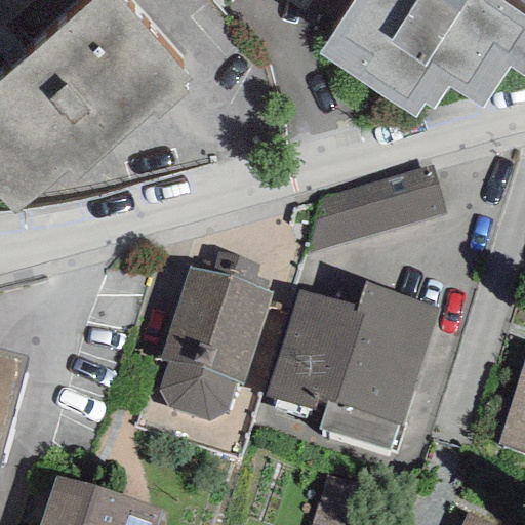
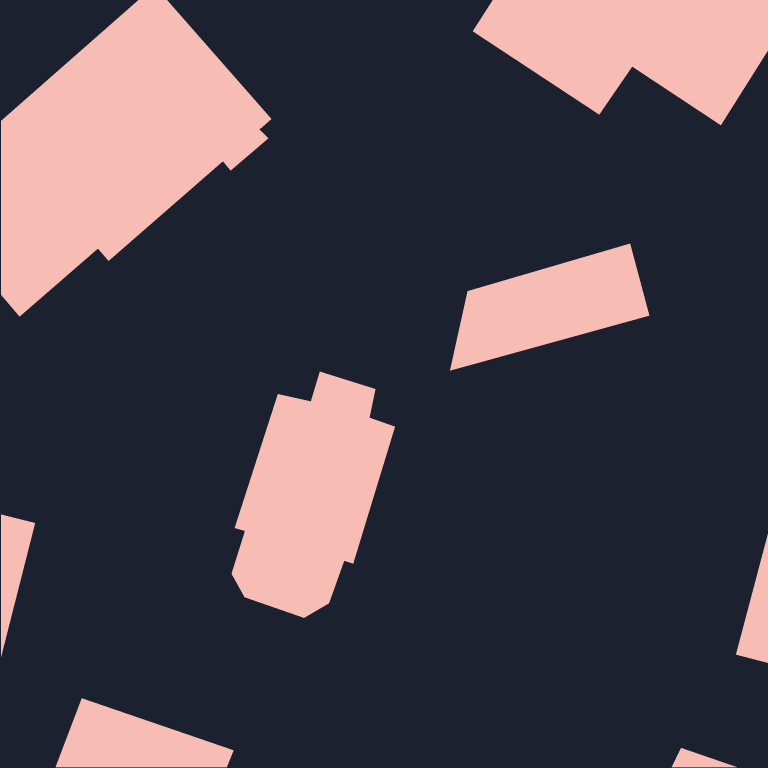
building: [265,282,441,452] -> none

